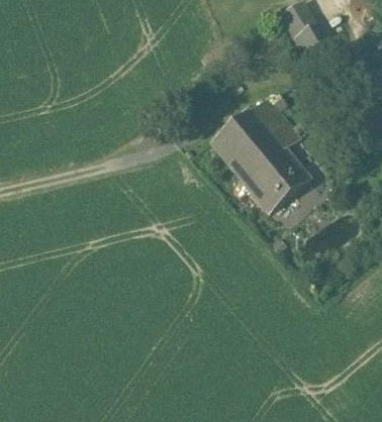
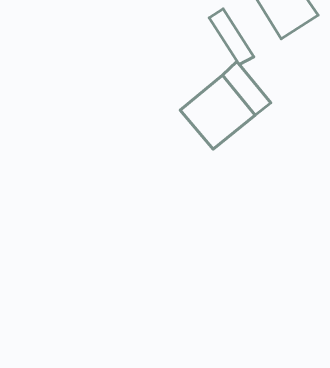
building: none -> [209,9,254,65]
building: [244,147,310,212] -> none

